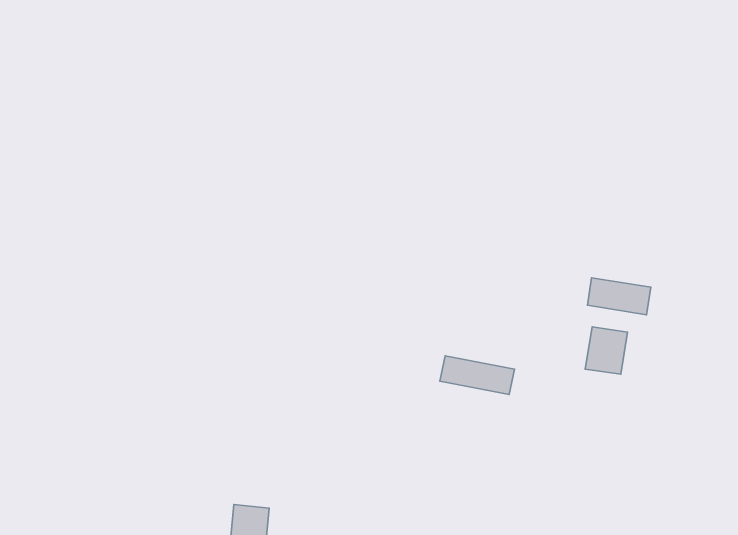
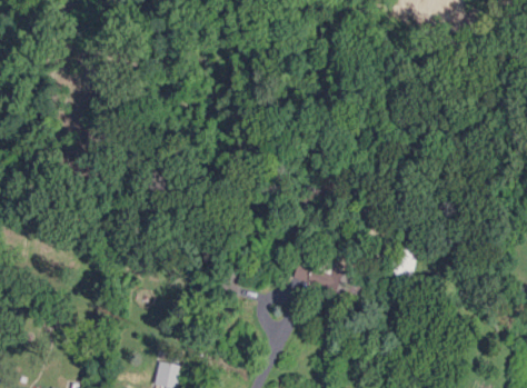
building: [587,278,651,315] -> none

